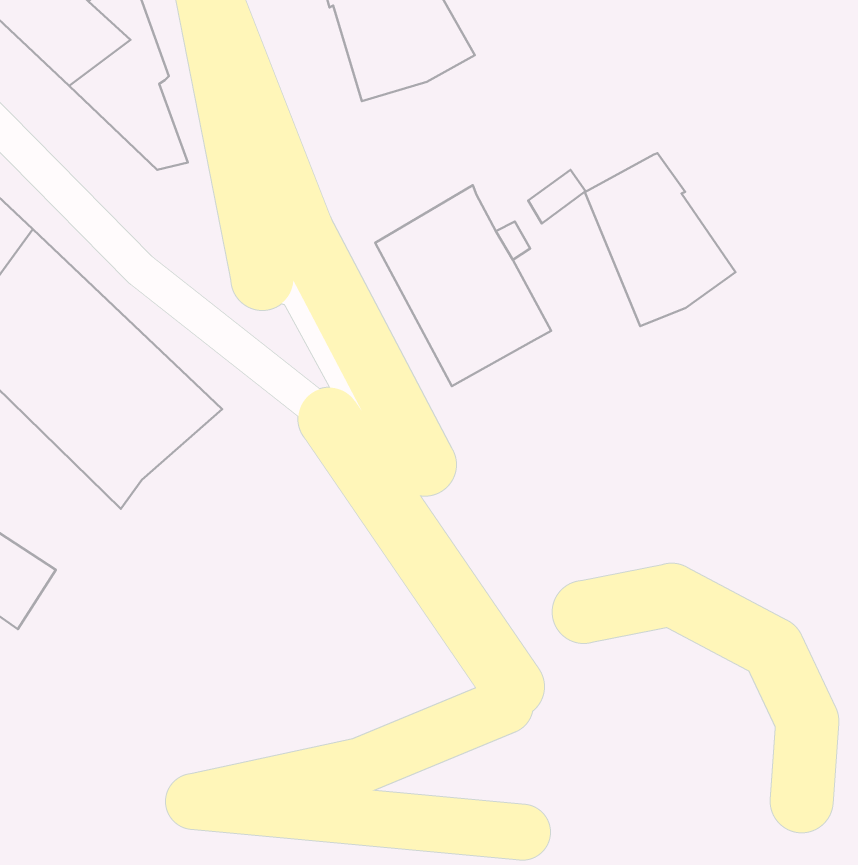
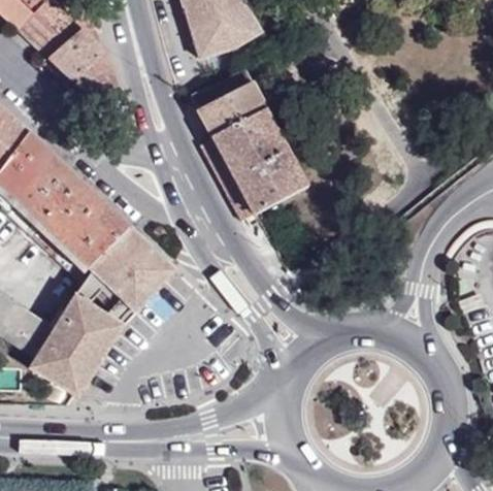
building: none -> [191,65,273,136]
building: [585,153,736,326] -> none
building: none -> [28,226,173,396]

